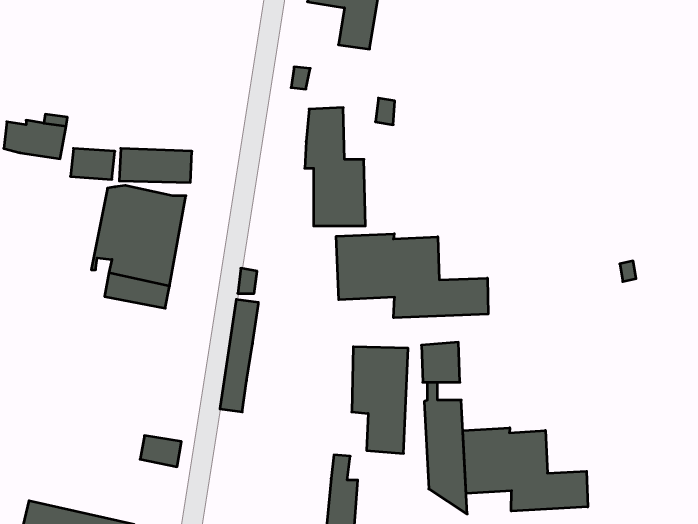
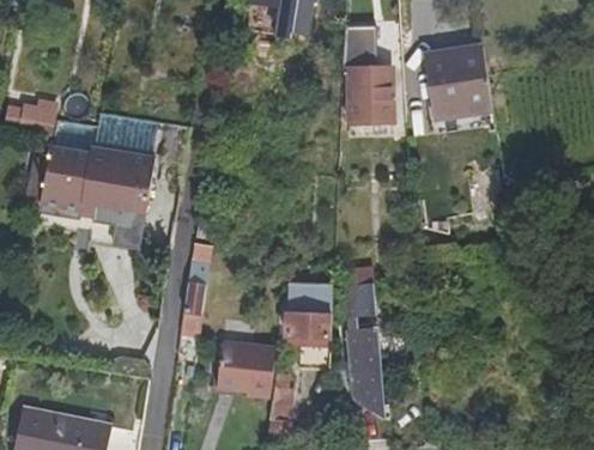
building: none -> [426,45,495,117]
building: [305,108,365,226] -> [344,24,393,120]
building: none -> [38,147,90,219]
building: [336,234,488,318] -> none
building: none -> [214,342,274,395]
building: [463,428,588,511] -> none

